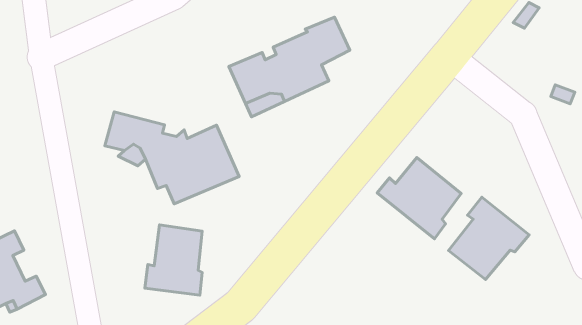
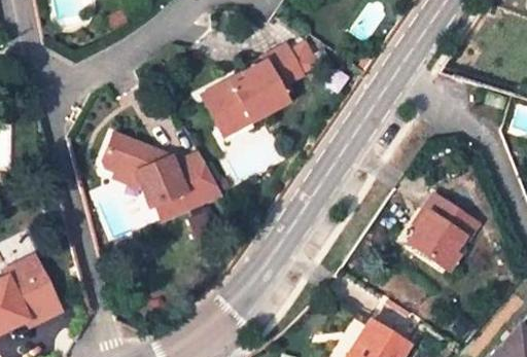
building: [377,157,461,239] -> none
building: [145,225,202,295] -> none

